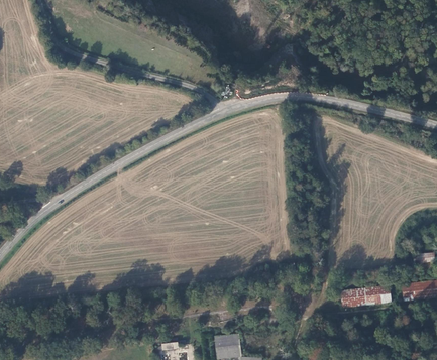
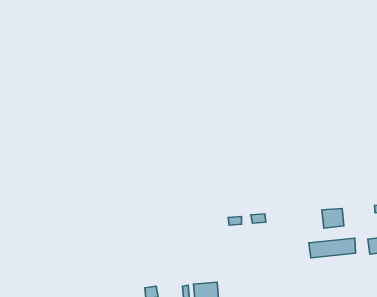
building: none -> [322,209,344,228]

